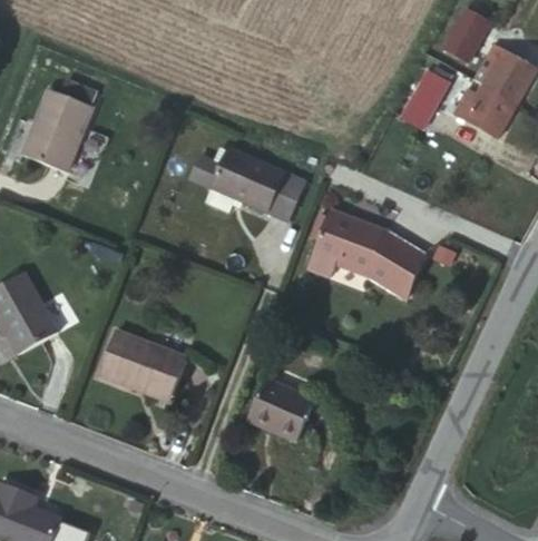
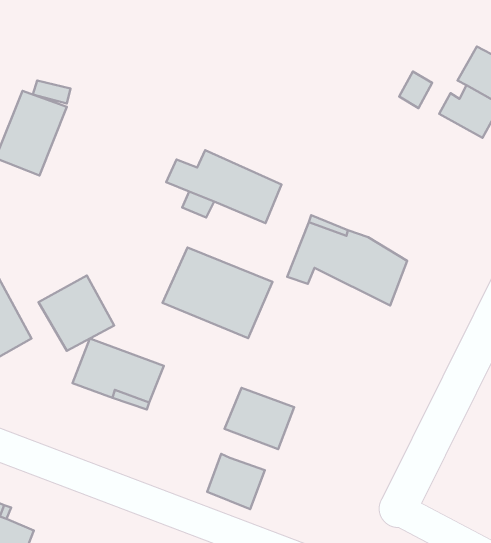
building: [443,10,490,63] -> none
building: none -> [162,247,272,338]
building: none -> [39,276,114,351]
building: none -> [207,454,265,509]

